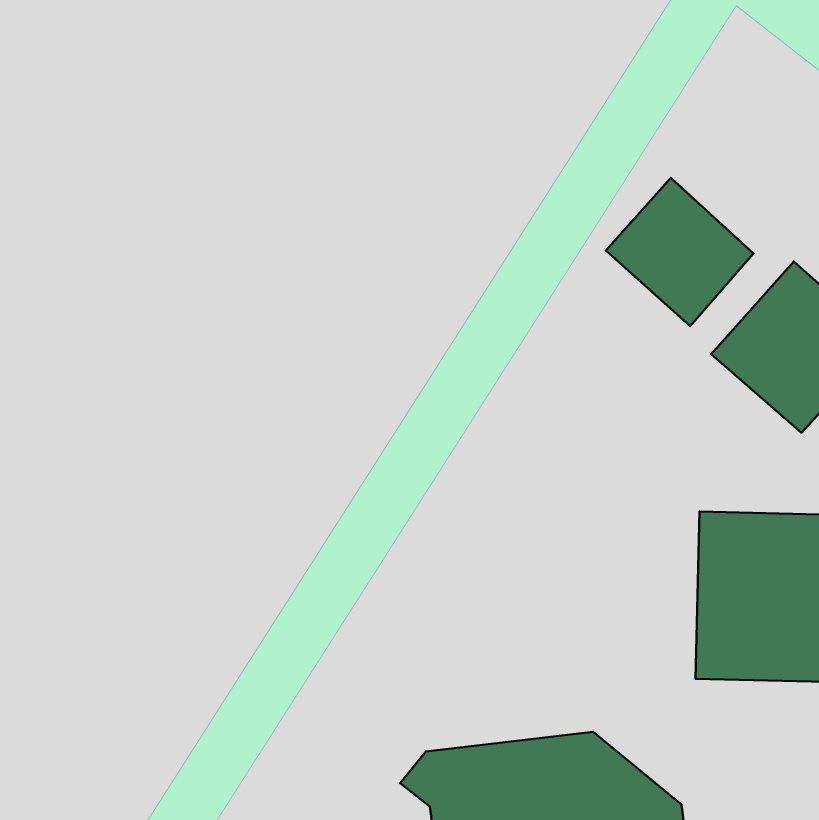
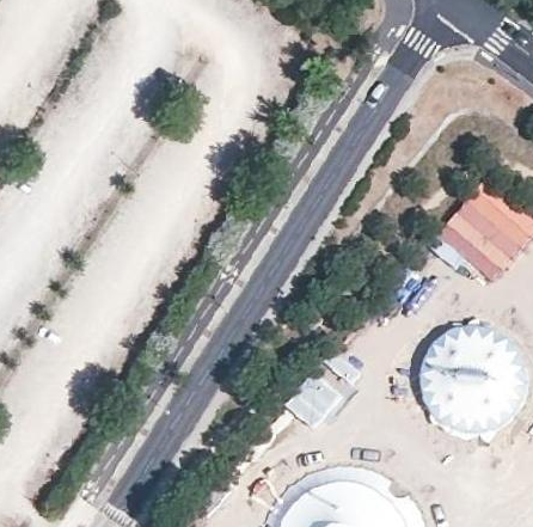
building: [606,178,753,326] -> none

